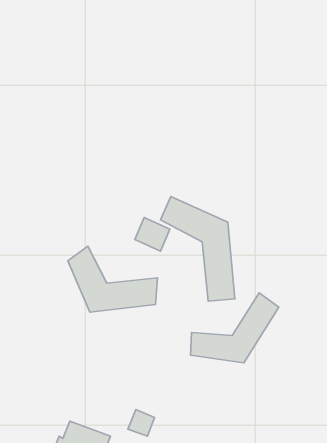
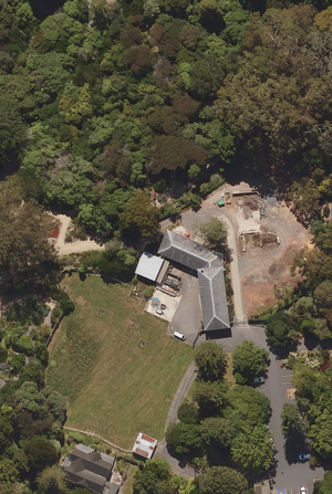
building: [68,246,157,312] -> none
building: [191,293,279,363] -> none

